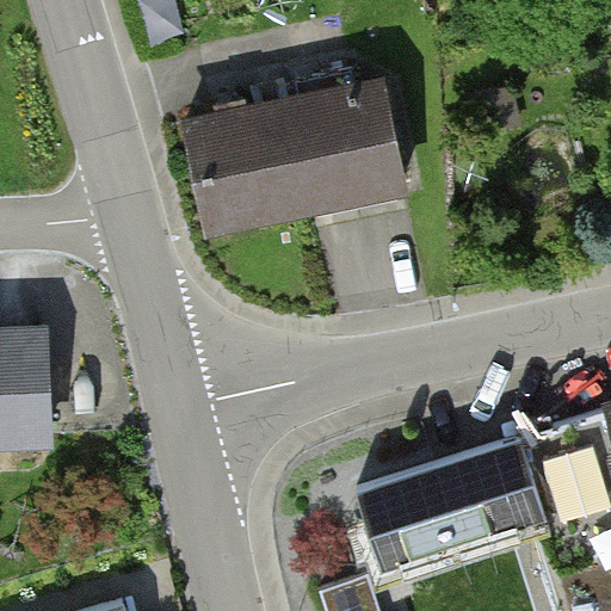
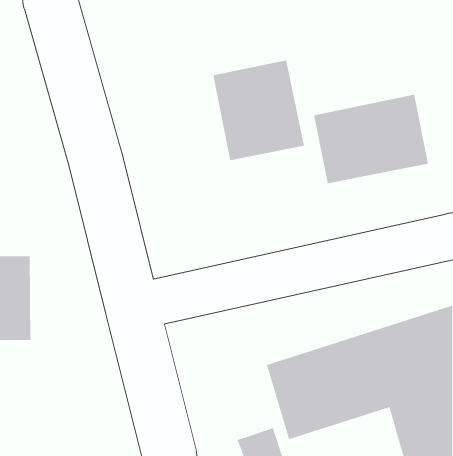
building: [184,101,307,236] -> none
building: none -> [314,94,429,184]

